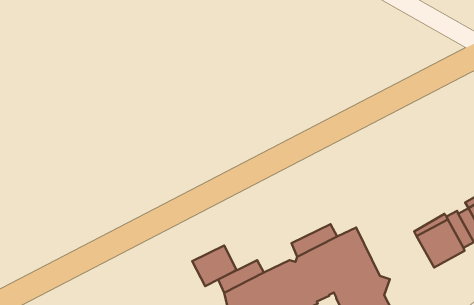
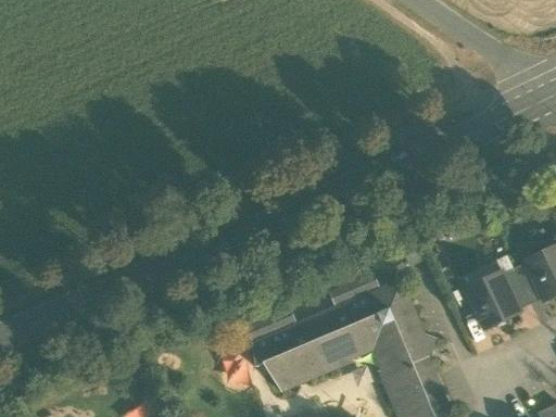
building: [192,246,237,286] -> none

